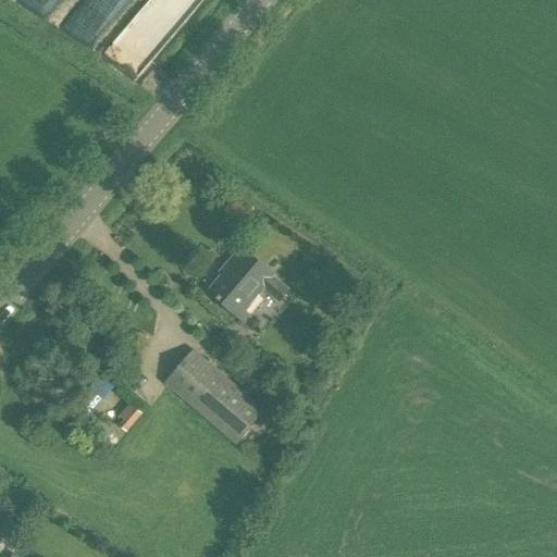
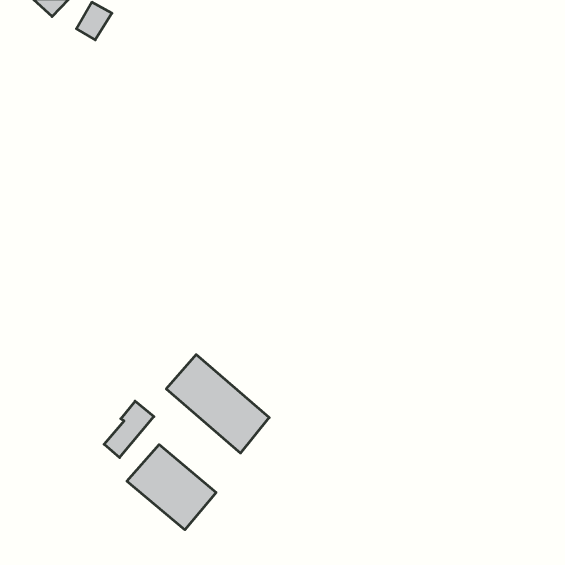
building: [207,246,289,317] -> none
building: none -> [127,445,216,530]

